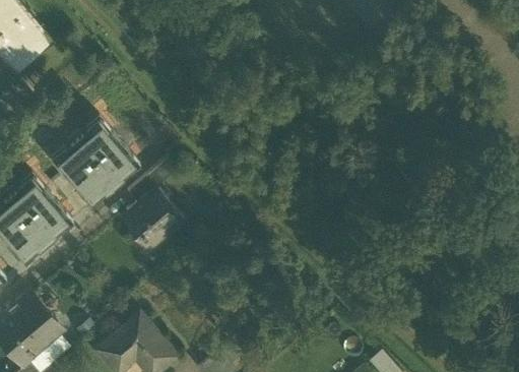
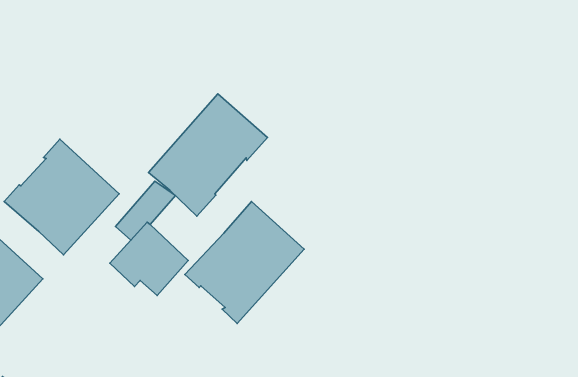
building: none -> [148,94,268,216]
building: none -> [185,202,304,324]

